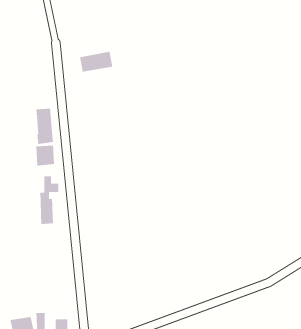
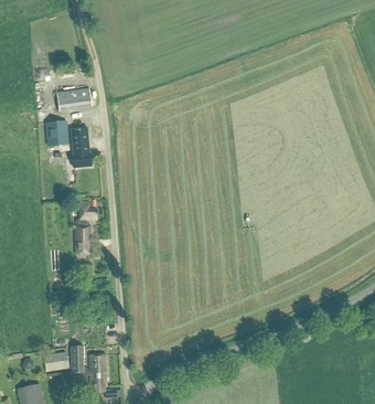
building: [79,51,113,72] -> [55,87,92,110]
building: [35,145,55,166] -> [46,123,67,146]

